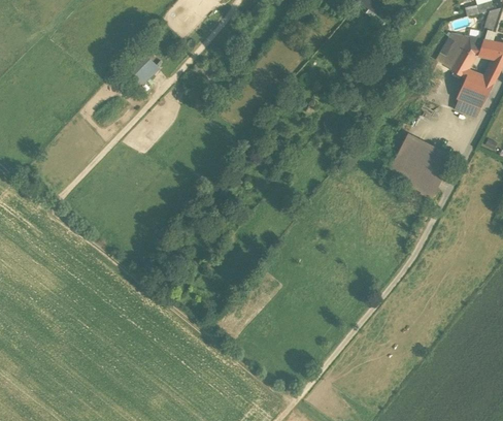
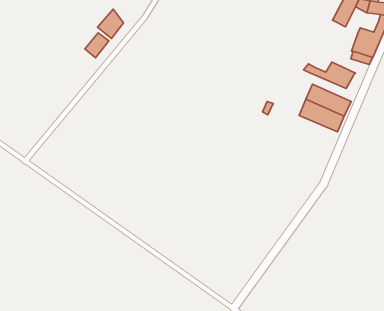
building: none -> [97,9,124,39]
building: [450,44,477,76] -> none
building: none -> [304,62,356,88]

